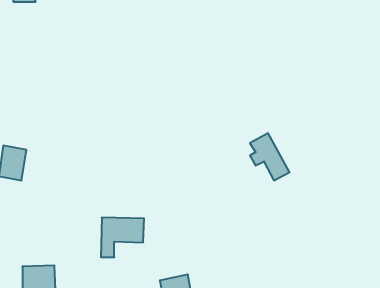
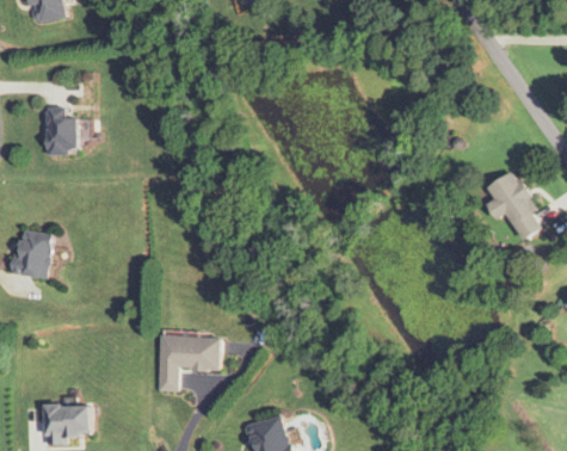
building: none -> [45,109,78,154]
building: [250,133,290,180] -> [486,173,543,241]

